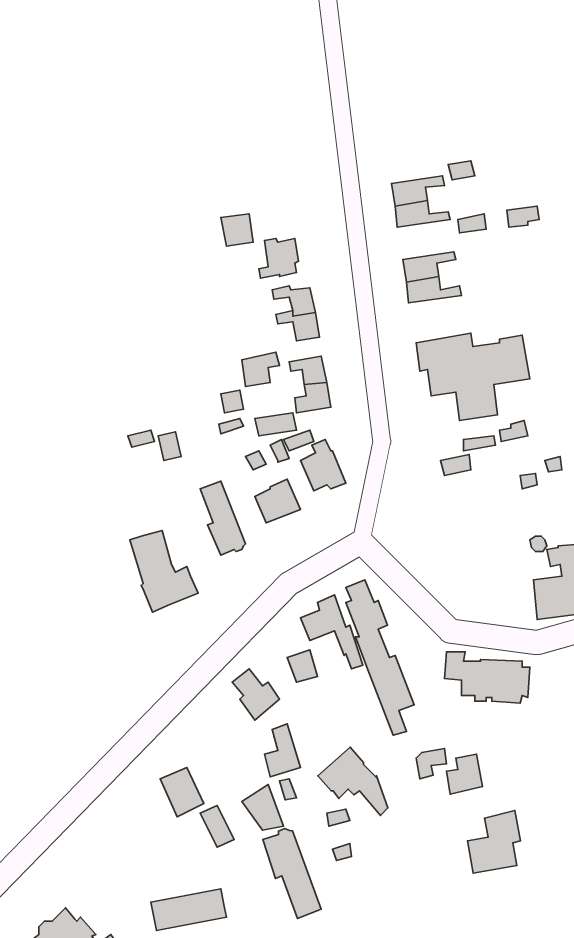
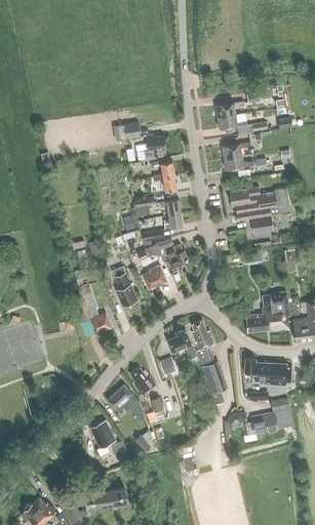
building: none -> [245,290,289,332]
building: [318,747,388,816] -> [107,385,145,421]
building: [467,811,521,873] -> [262,397,290,431]
building: [263,829,321,918] -> none

